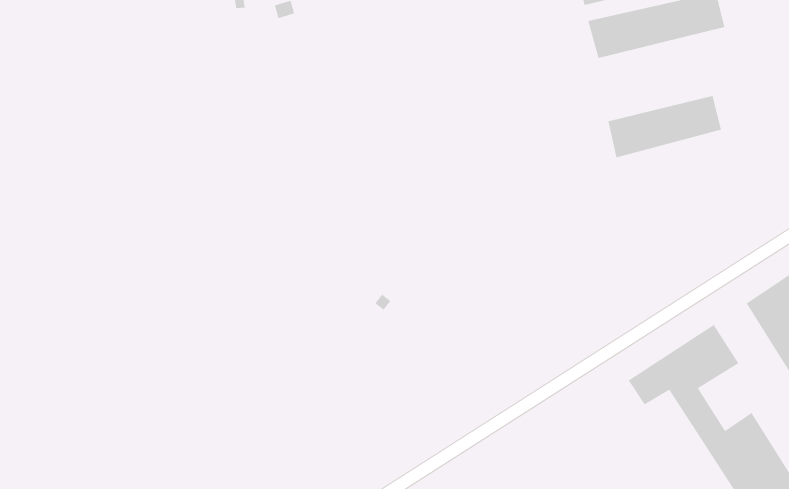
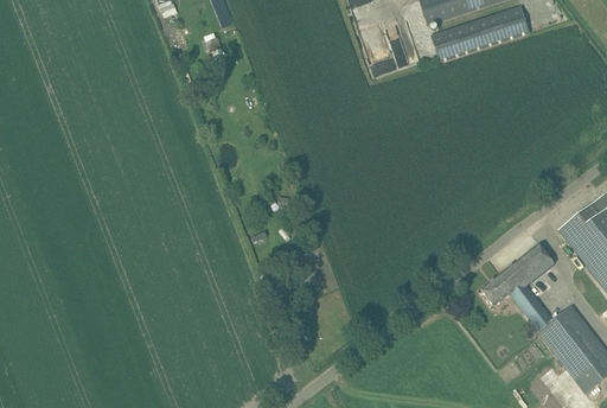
building: [608,95,722,158] -> none

